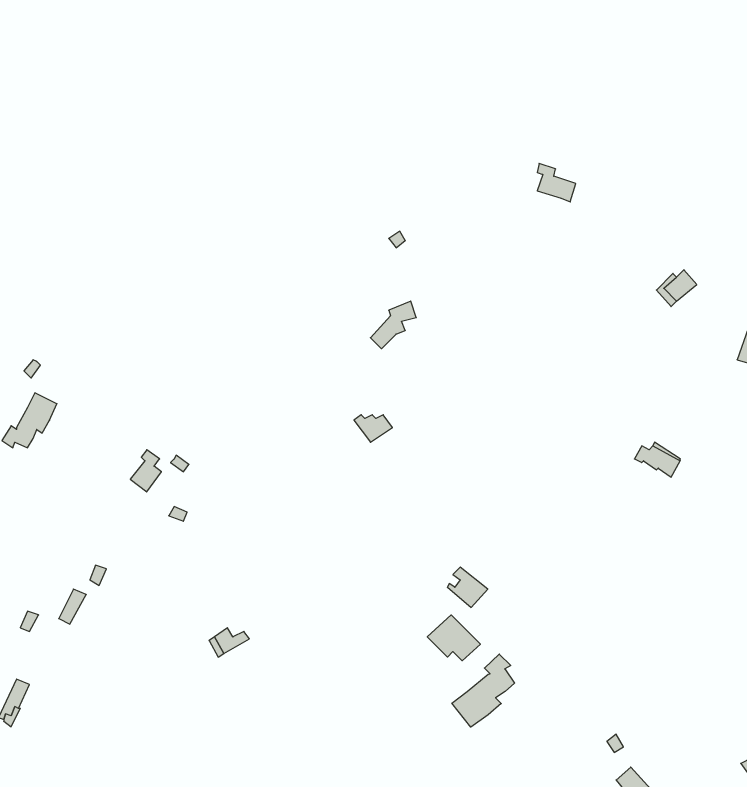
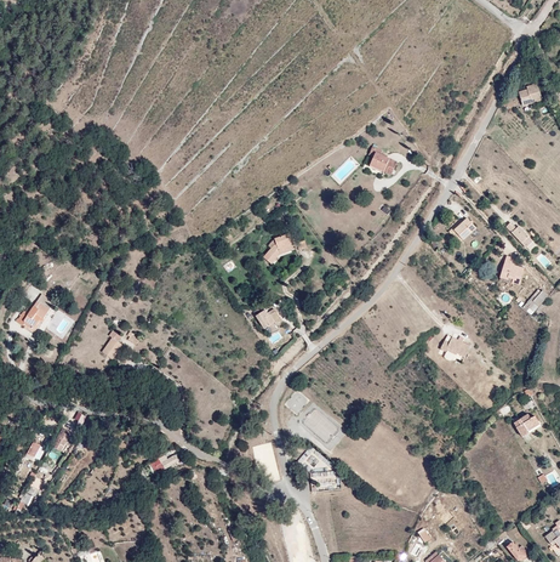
building: [452,654,515,727] -> none

